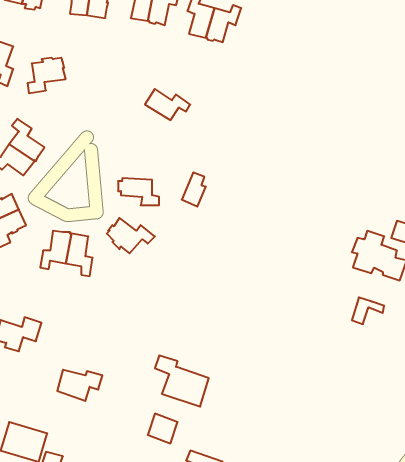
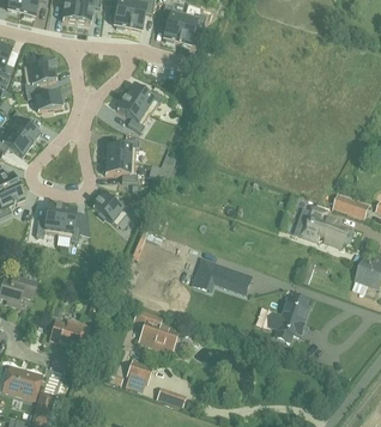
building: none -> [25,85,64,110]
building: none -> [115,97,145,133]
building: none -> [104,139,138,160]
building: none -> [192,256,248,289]
building: none -> [267,294,308,344]

